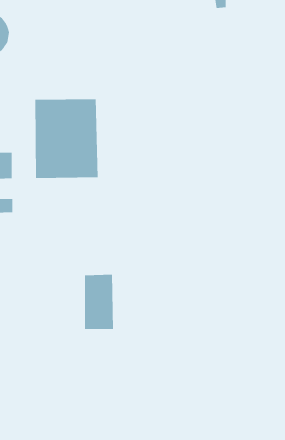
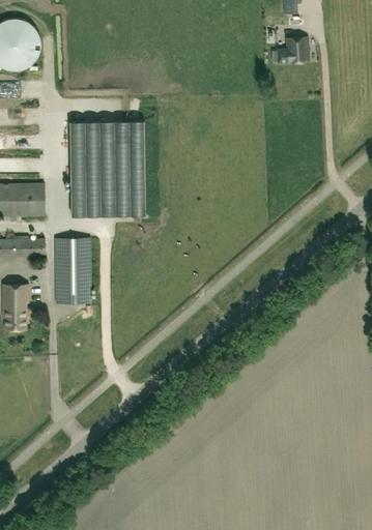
building: none -> [271,37,308,63]
building: [84,274,114,329] -> [55,238,90,303]

